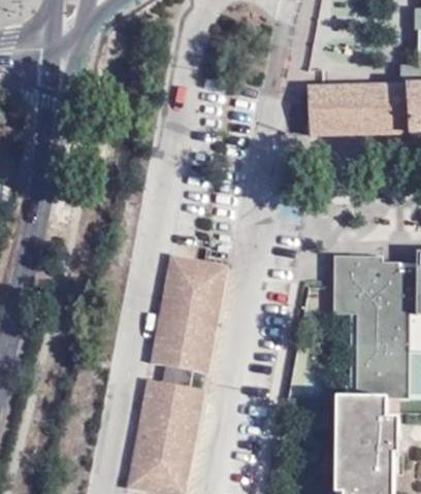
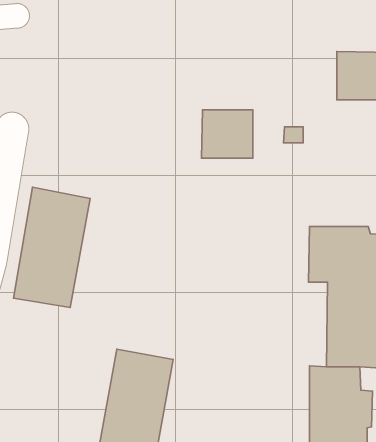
building: [313,87,363,134] -> [201,110,253,158]
building: [151,255,226,373] -> [13,187,90,308]

